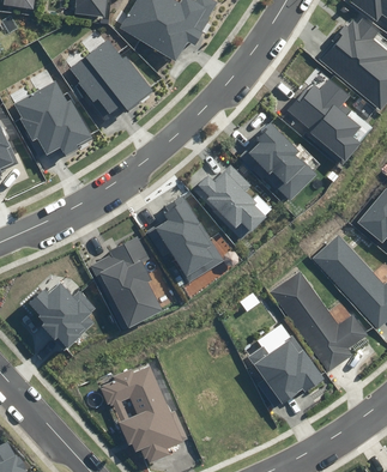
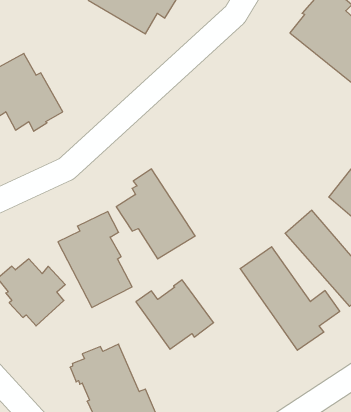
building: [69,40,152,114] -> none
building: [286,78,359,162] -> none
building: [240,123,315,201] -> none
building: [193,164,265,240] -> none
building: [247,335,323,404] -> [136,280,214,349]

